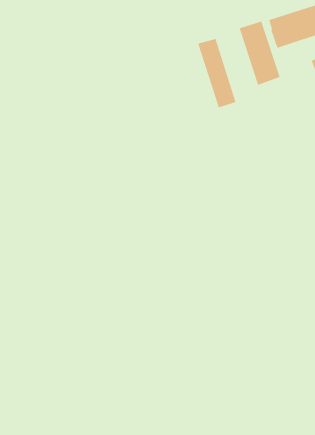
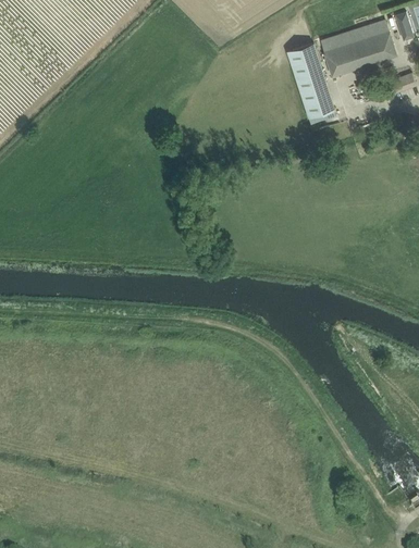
building: [197,38,236,108] -> none

